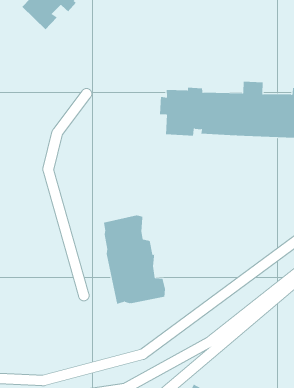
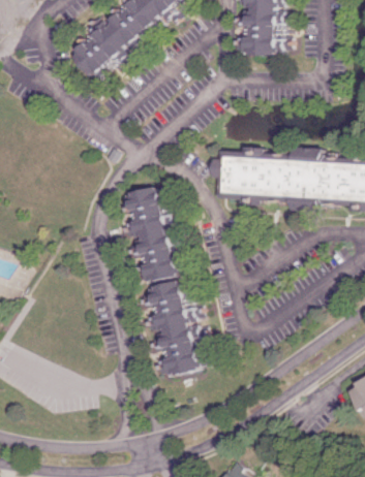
building: none -> [118,186,176,280]

